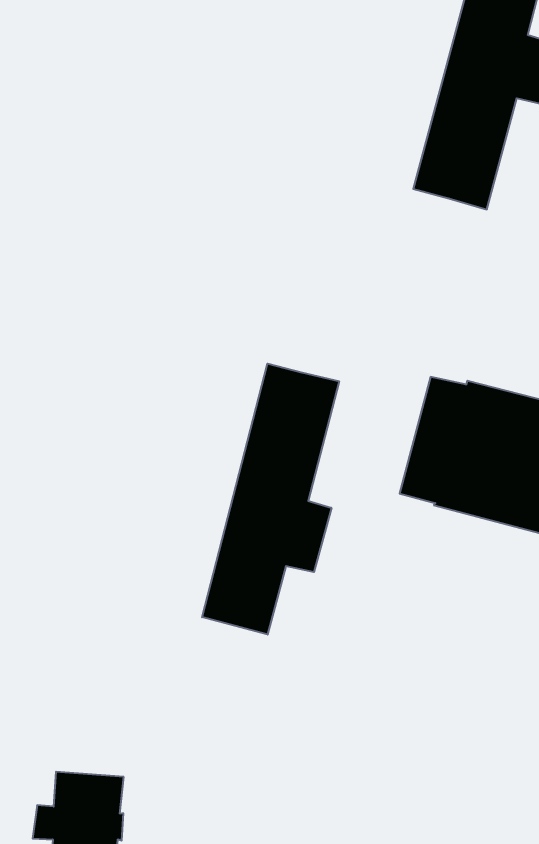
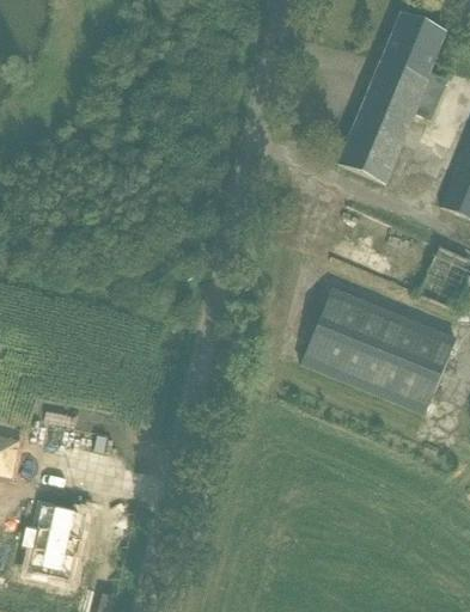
building: [202,364,339,635] -> none

